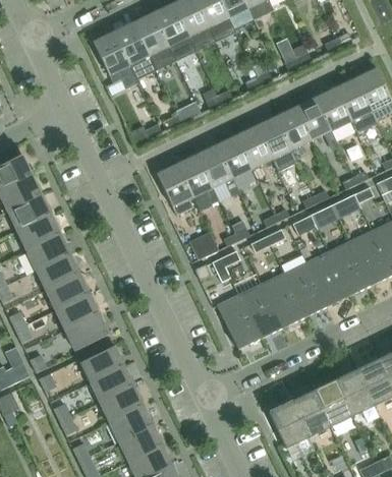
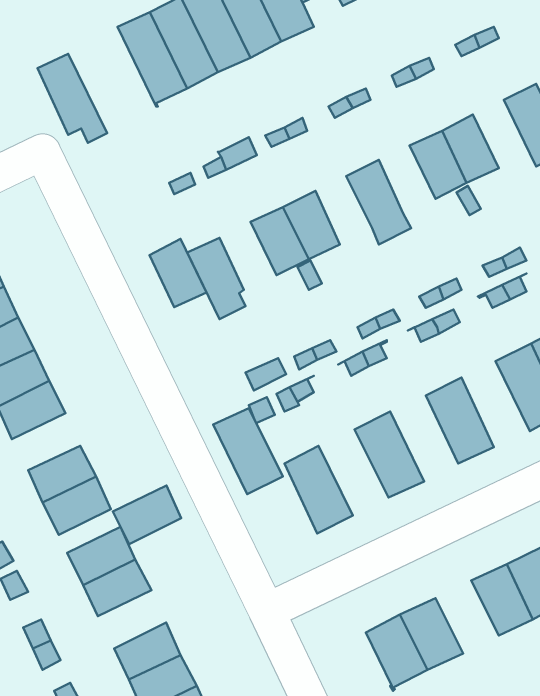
building: [93,33,136,88] -> [37,54,107,143]
building: [335,78,371,121] -> none
building: [276,107,312,150] -> none
building: [236,126,272,169] -> none
building: [176,155,212,197] -> [150,239,206,307]
building: [328,242,371,296] -> none
building: [283,263,326,317] -> none
building: [46,275,89,310] -> none
building: [238,285,282,339] -> [213,408,283,494]
building: [312,379,351,425] -> none
building: [100,385,143,422] -> [113,486,181,544]

